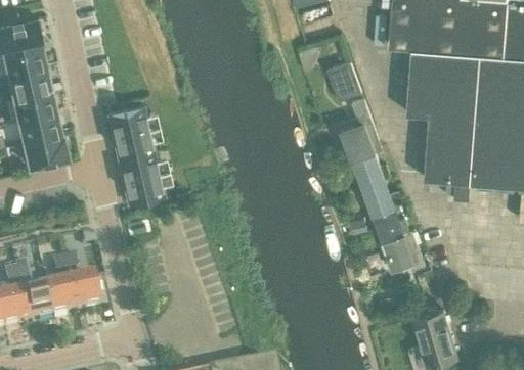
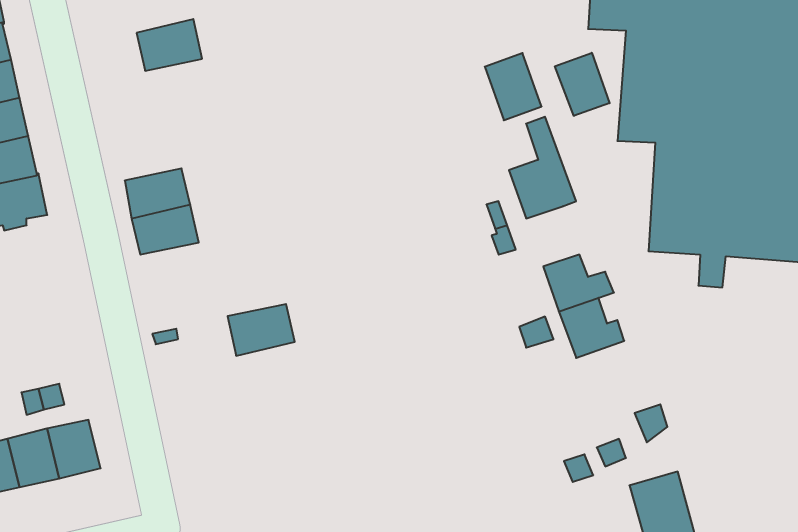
building: none -> [555,53,610,116]
building: [107,105,146,136] -> [137,19,202,71]
building: [351,151,390,187] -> none
building: [122,173,162,203] -> [228,304,295,356]
building: [381,230,425,270] -> none

